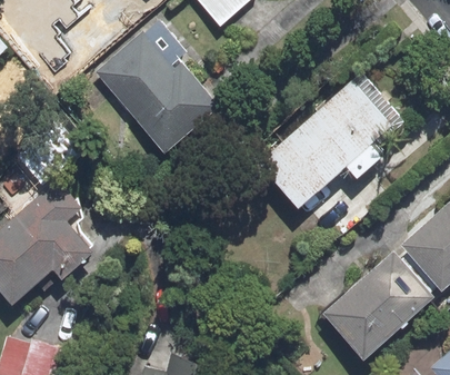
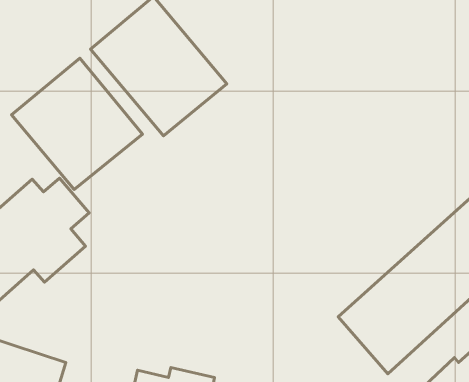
building: [256,69,404,209] -> none
building: none -> [12,58,142,190]

